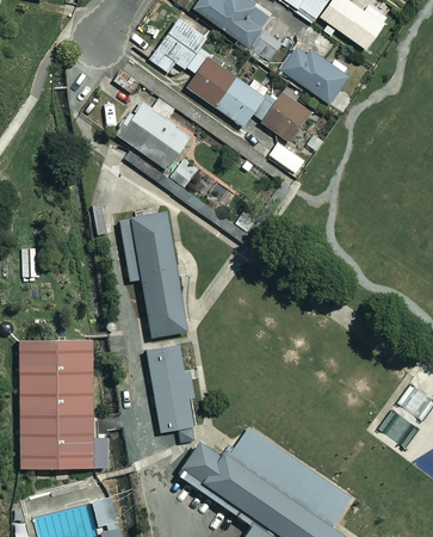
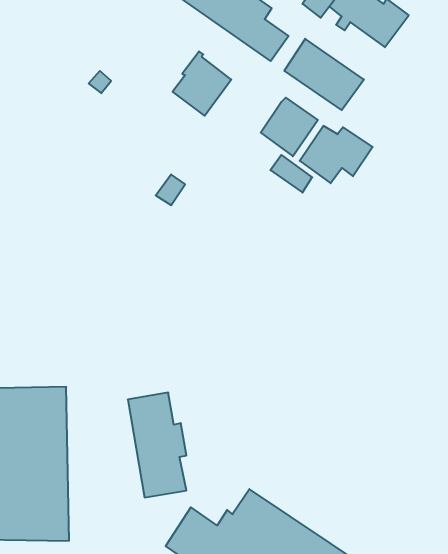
building: [146,18,206,72] -> none
building: [215,78,277,126] -> [300,126,373,183]
building: [115,97,190,169] -> none
building: [119,211,188,338] -> none

